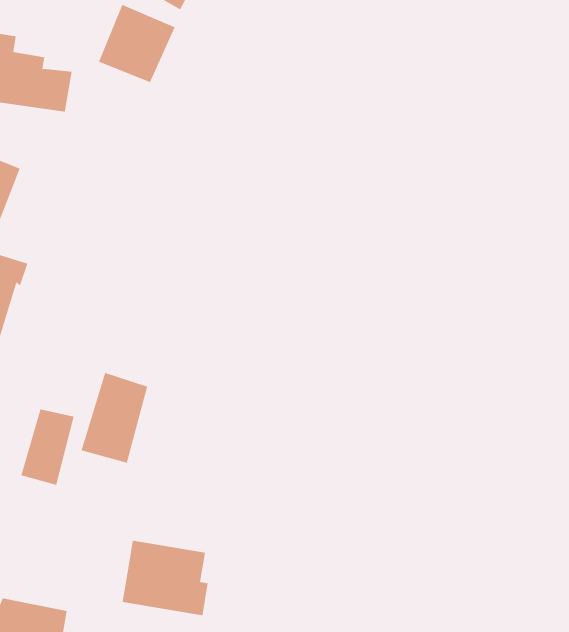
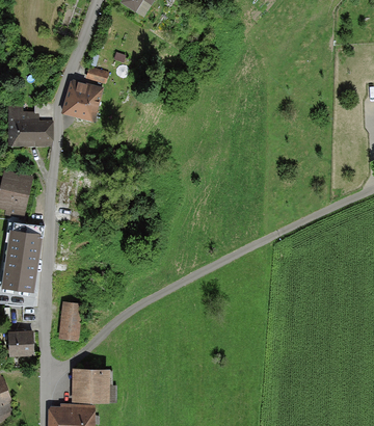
building: [81,372,148,463] -> none
building: [122,540,209,616] -> [72,369,115,402]

